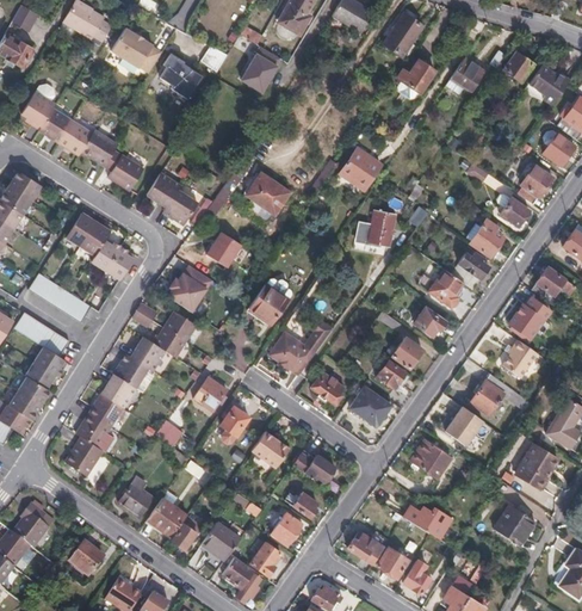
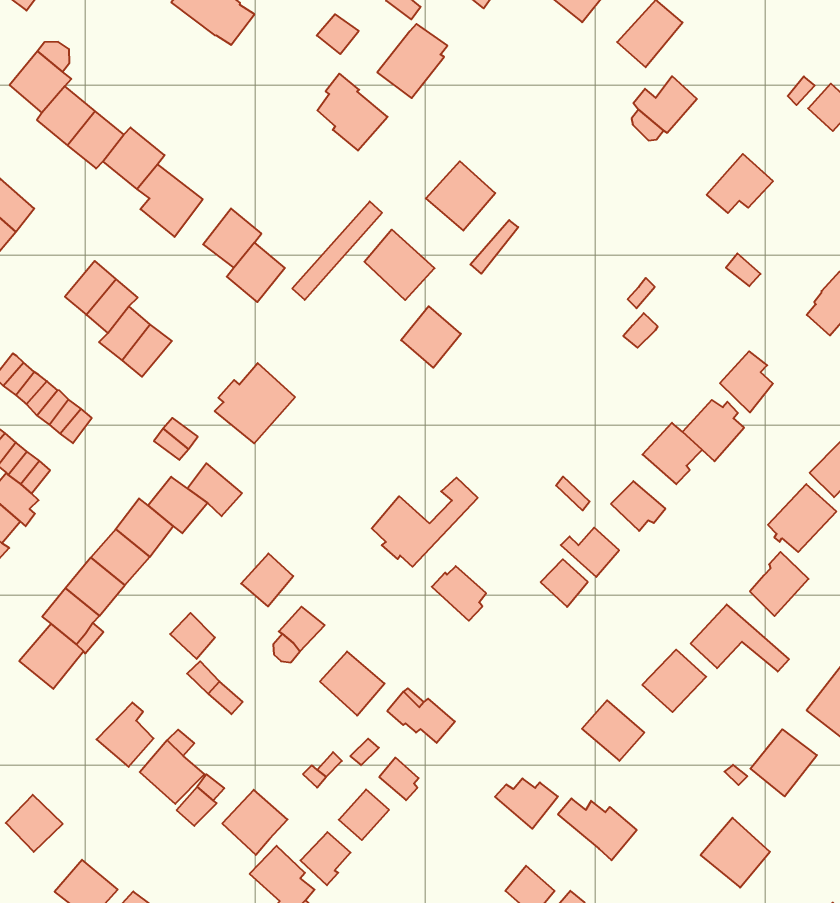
building: [160,53,203,98] -> [317,74,388,151]
building: [445,56,484,93] -> [707,154,773,213]
building: [339,147,380,189] -> [426,161,495,231]
building: [497,193,528,224] -> none
building: [355,209,395,246] -> none
building: [206,229,242,266] -> [401,306,461,368]
building: [249,285,287,323] -> none
building: [165,313,198,342] -> none
building: [348,387,389,425] -> none
building: [347,533,385,563] -> [495,778,558,829]

